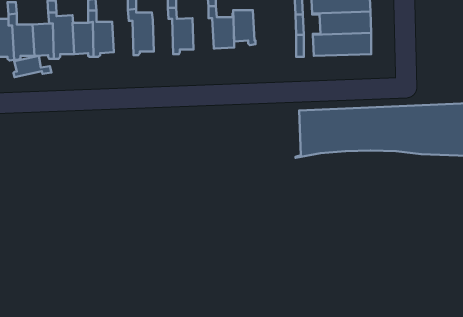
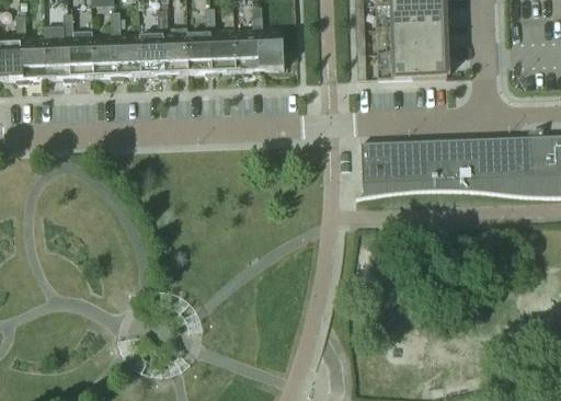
building: [233,10,255,45] -> [234,33,261,75]
building: none -> [187,34,211,76]
building: none -> [139,36,164,78]
building: [13,56,51,77] -> none

